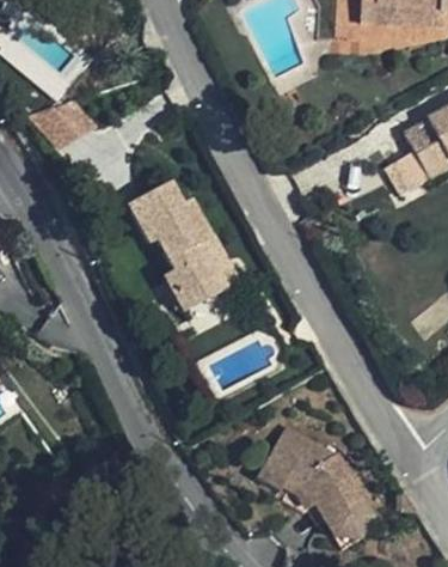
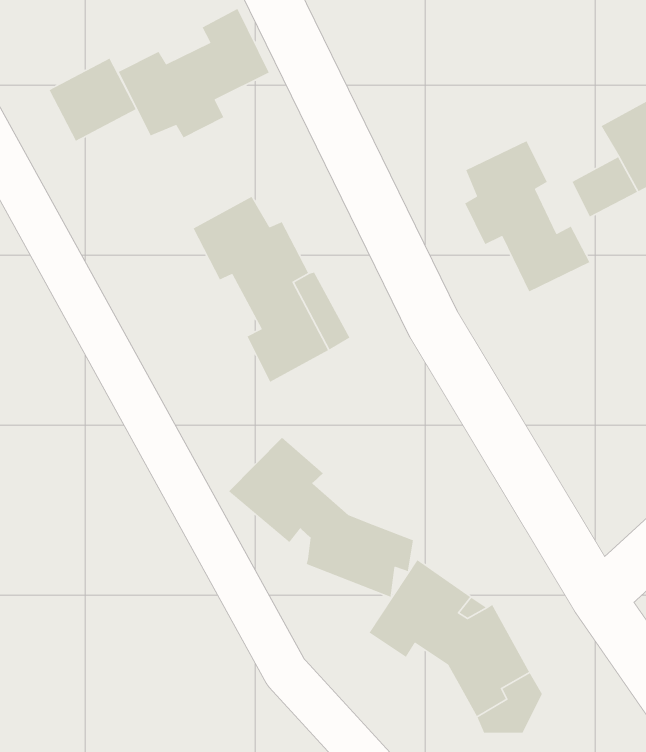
building: none -> [118,8,270,138]
building: none -> [464,140,590,292]
building: none -> [228,437,414,598]

